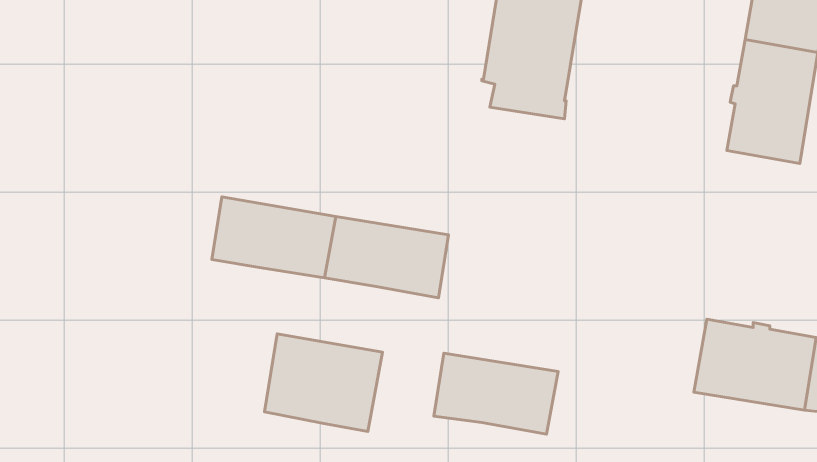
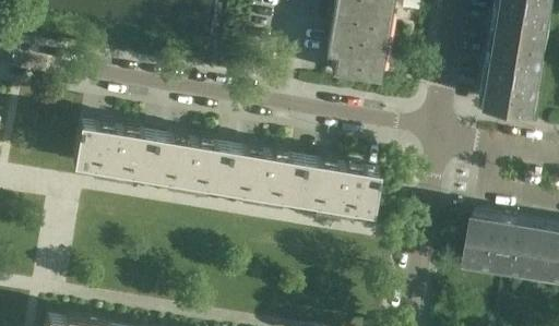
building: none -> [71,125,153,179]
building: [265,334,382,431] -> none
building: [434,353,558,434] -> [296,162,378,216]

